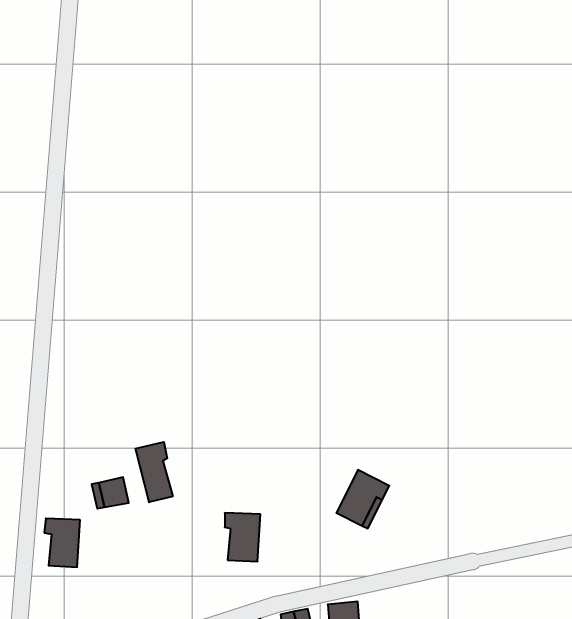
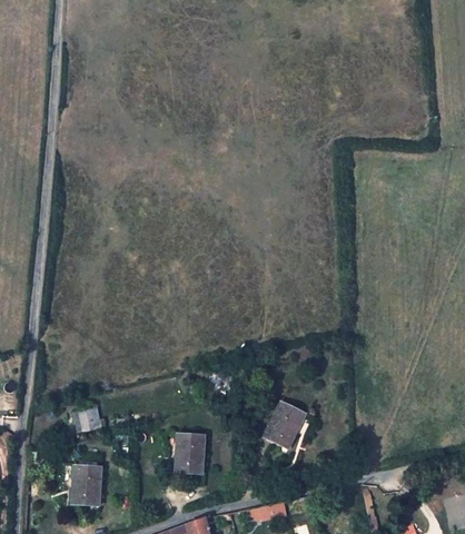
building: [136,442,173,502] -> none
building: [44,518,80,567] -> [72,466,100,504]

